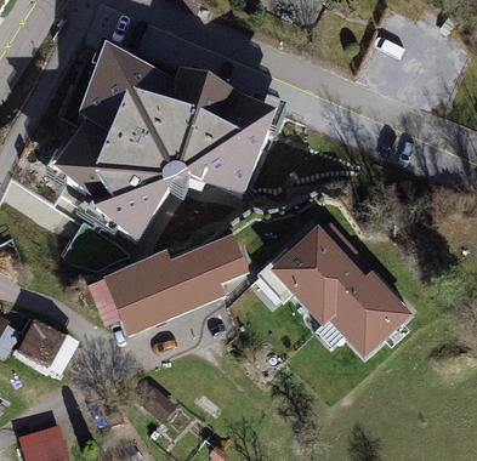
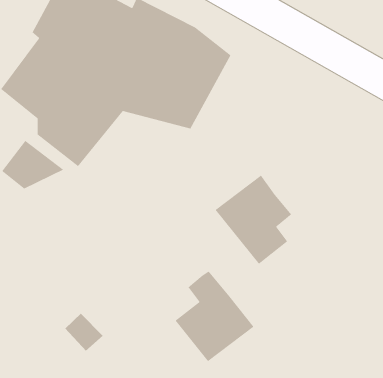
building: [93,237,242,328] -> none
building: [326,262,405,352] -> [174,270,254,362]

